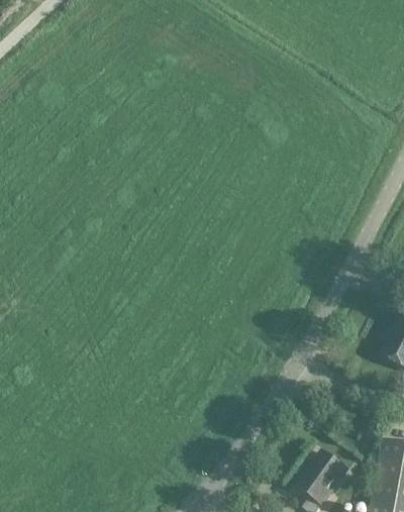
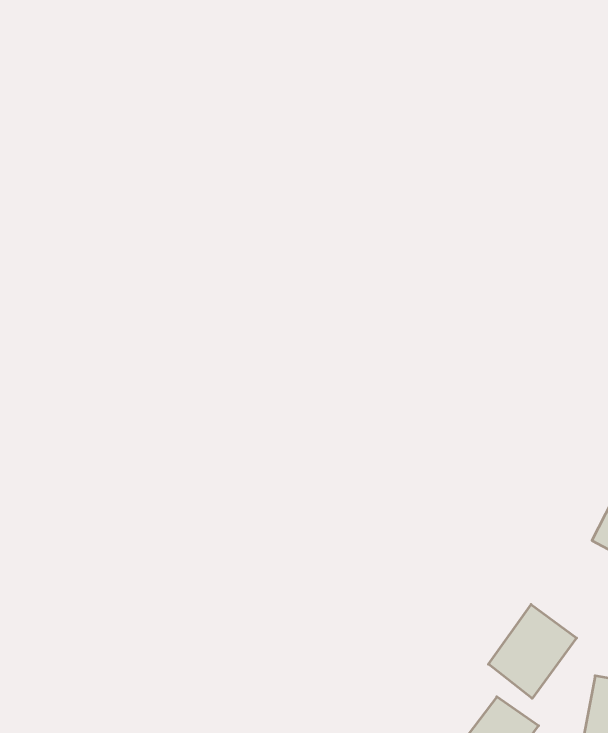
building: none -> [488,604,577,698]

